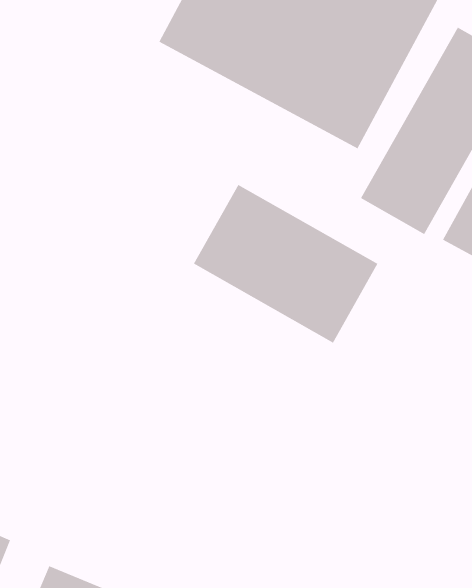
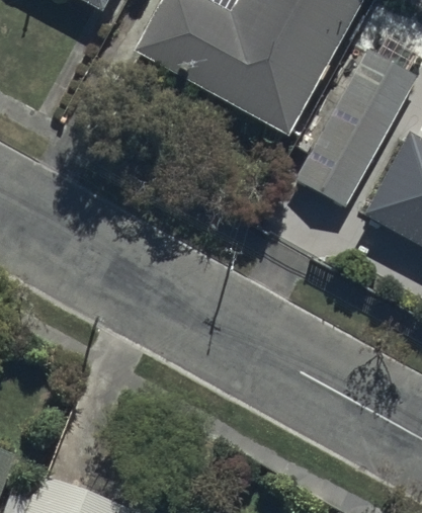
building: [193,184,378,343] -> none

